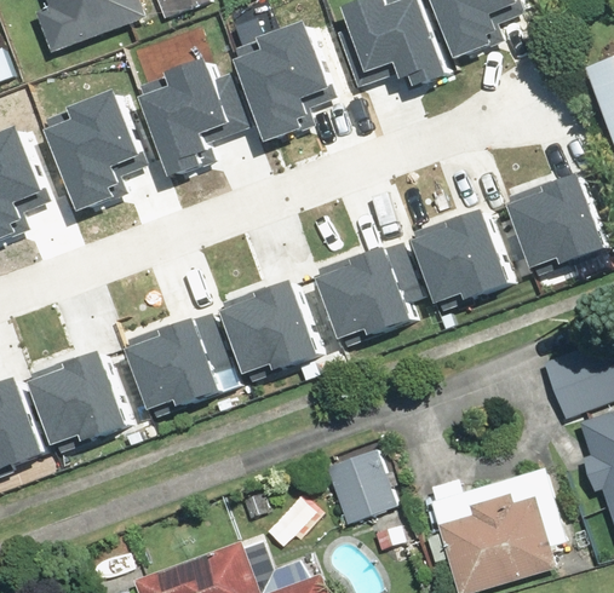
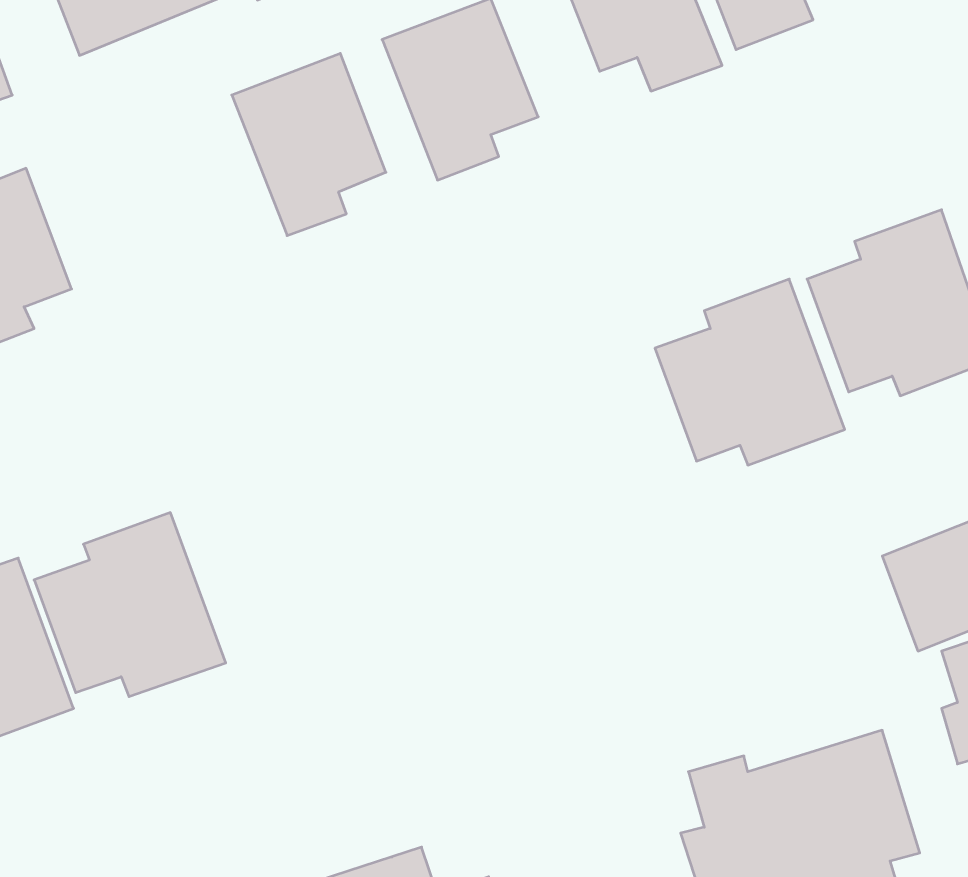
building: [45,91,139,202] -> none
building: [310,228,426,340] -> none
building: [210,261,326,374] -> none
building: [116,301,233,415] -> none
building: [322,450,392,525] -> none

